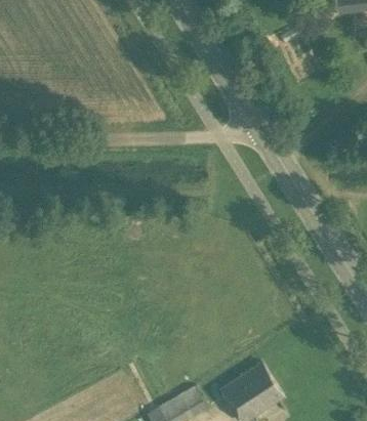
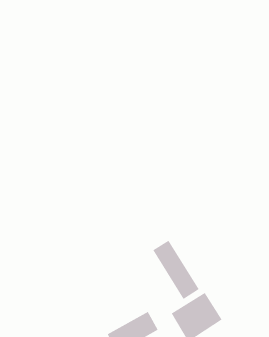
building: none -> [153,240,199,300]

